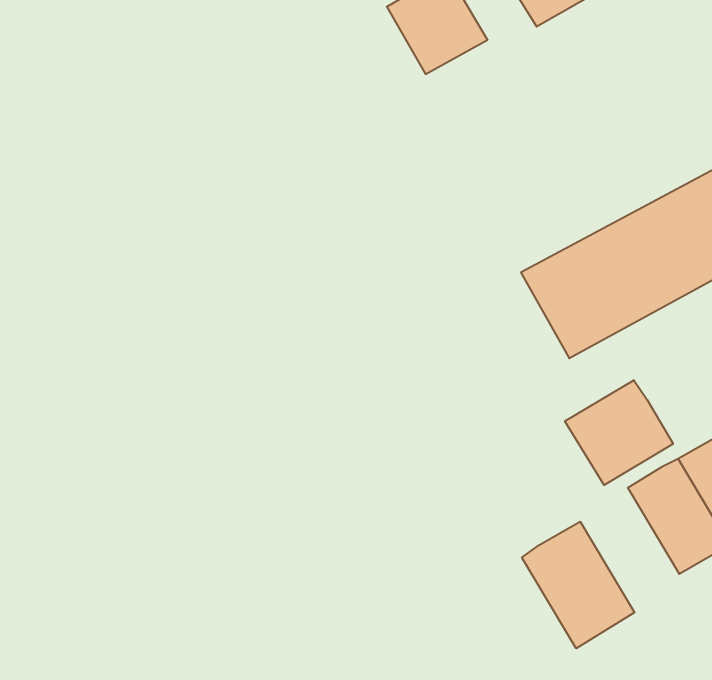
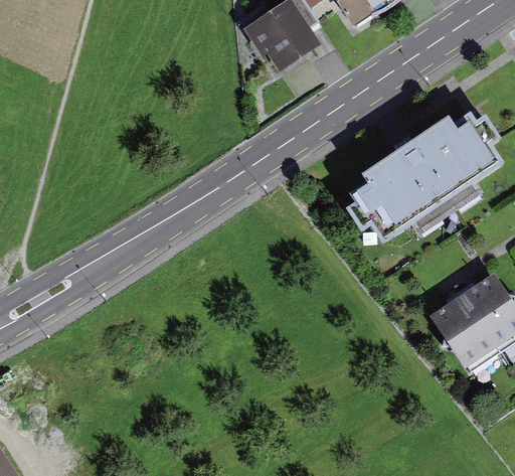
building: [565,380,673,485] -> none
building: [522,522,634,648] -> none

